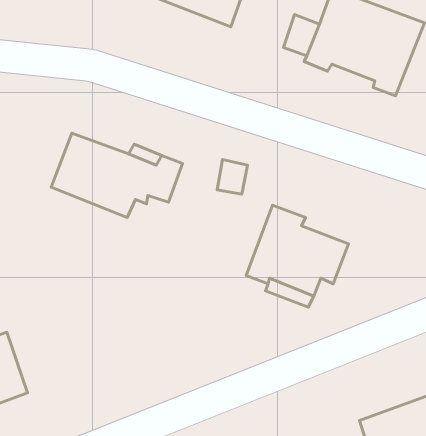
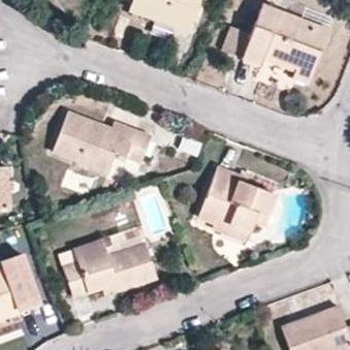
building: none -> [63,238,157,297]

